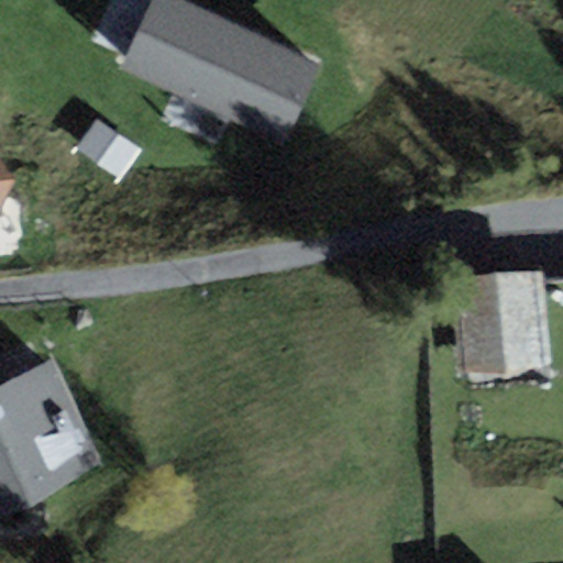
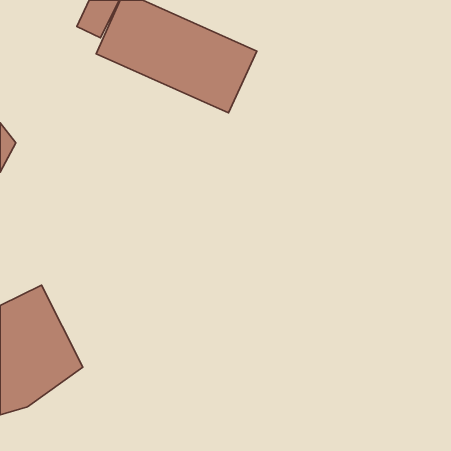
building: [454,272,552,374] -> none

